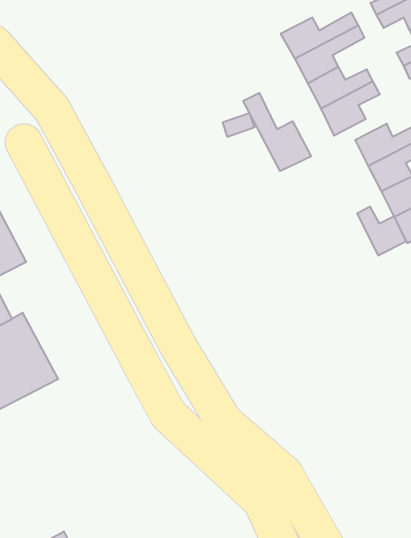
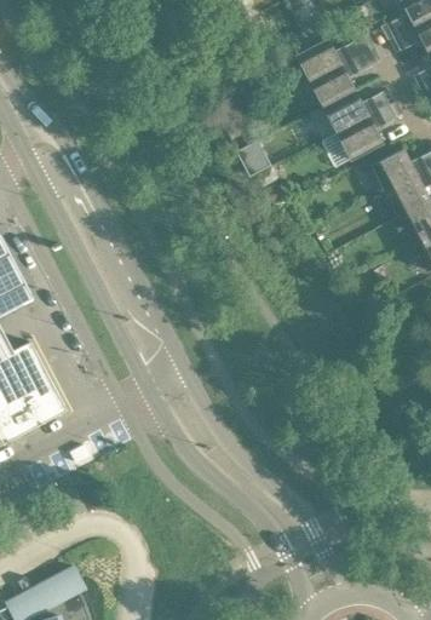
building: [243,93,311,171] -> none
building: [357,207,406,256] -> none

